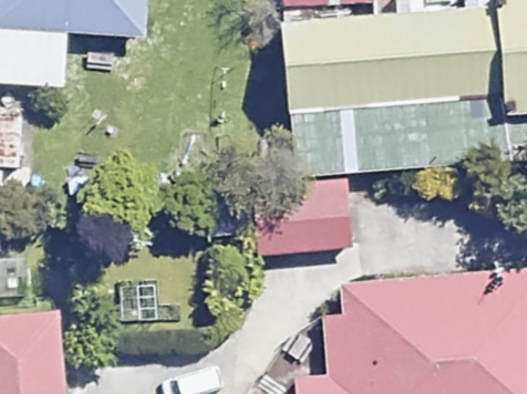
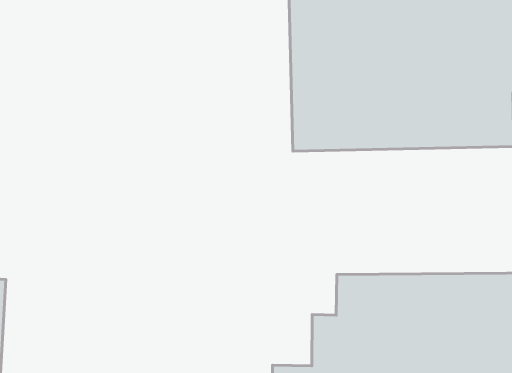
building: [246,187,354,260] -> none

